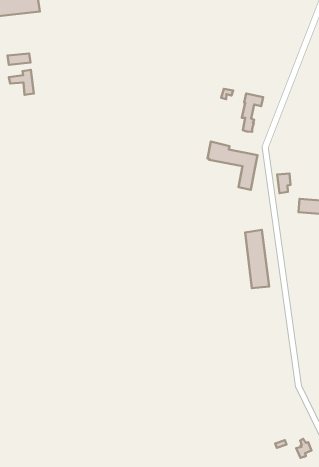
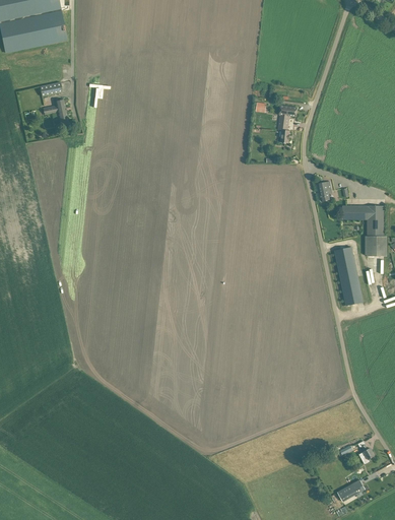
building: [207,142,257,190] -> none
building: [245,230,269,288] -> [334,246,363,305]

